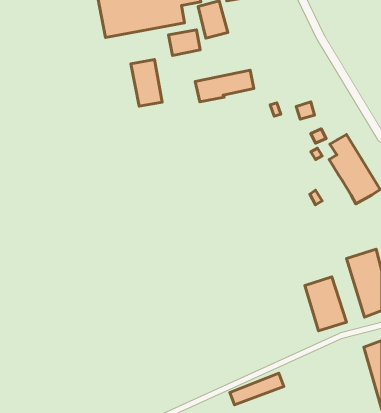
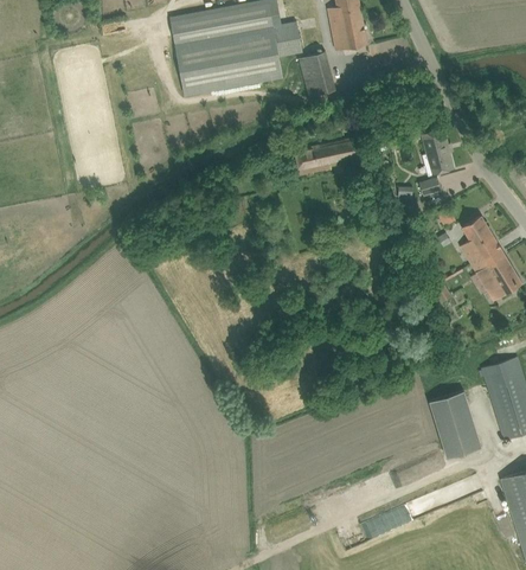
building: [168,30,200,56] -> none
building: [131,59,162,106] -> none
building: none -> [421,128,454,175]

